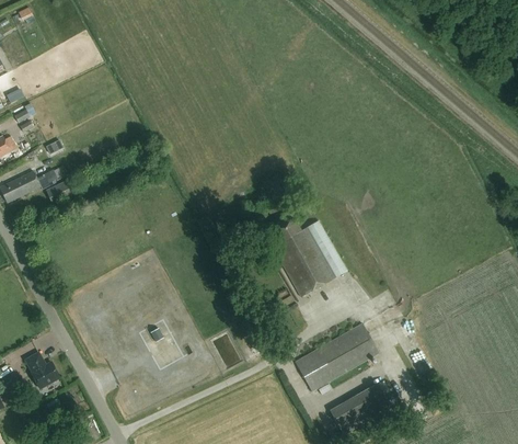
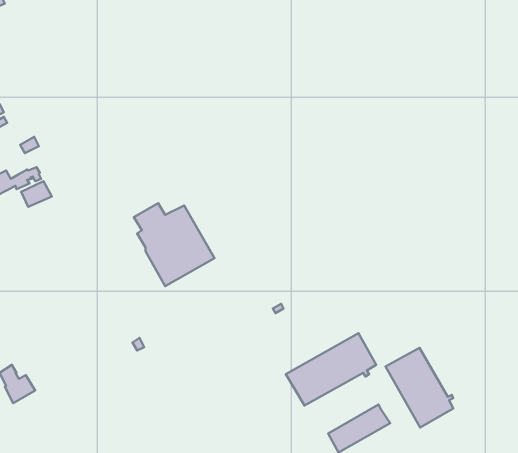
building: [270,218,346,296] -> [134,203,214,286]
building: none -> [385,348,453,428]

